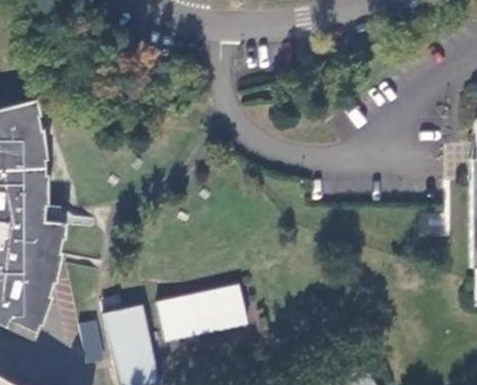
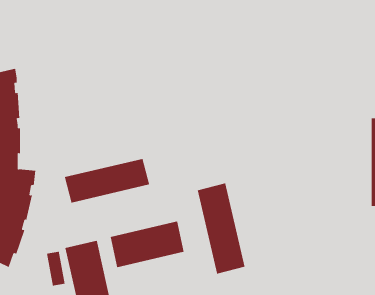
building: none -> [64,158,150,203]
building: none -> [197,182,245,274]

